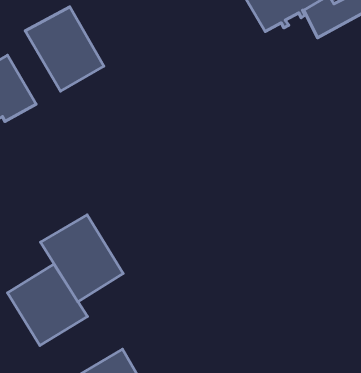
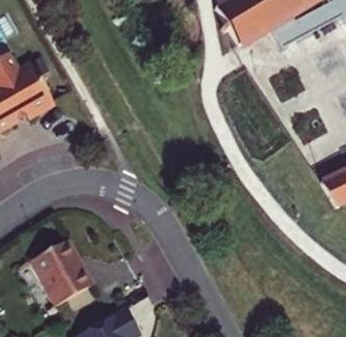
building: [25,7,104,91] -> none
building: [40,215,123,302] -> none

